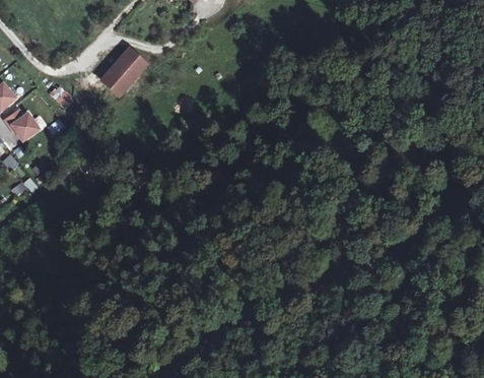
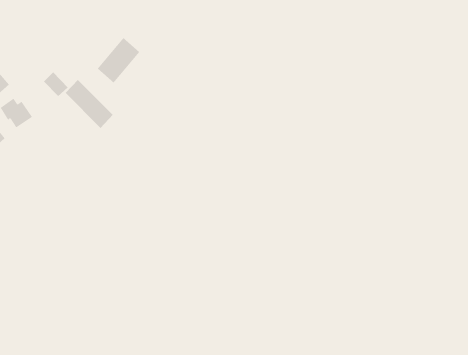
building: none -> [65,79,113,129]

